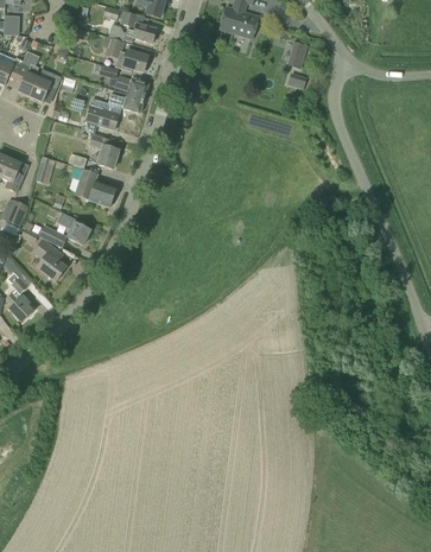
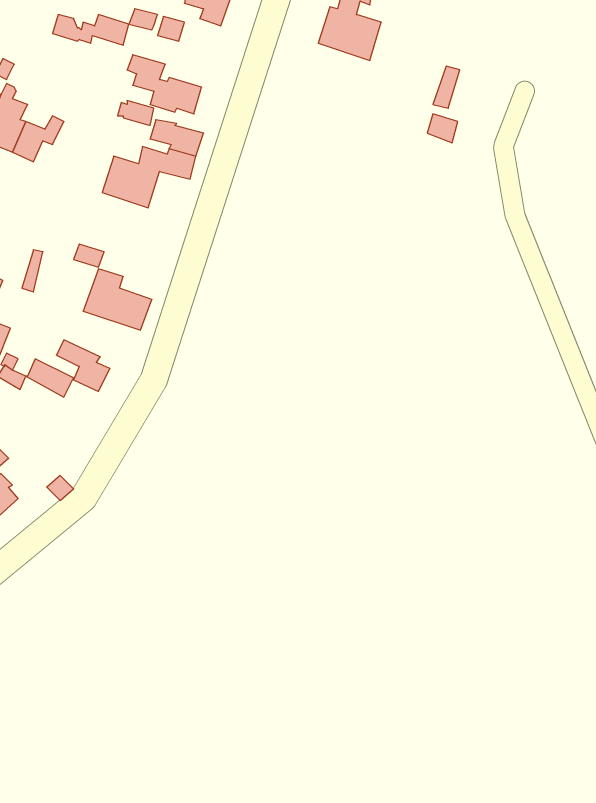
building: [108,24,156,43] -> [53,15,129,45]
building: [89,133,119,169] -> none
building: [32,239,66,281] -> none

